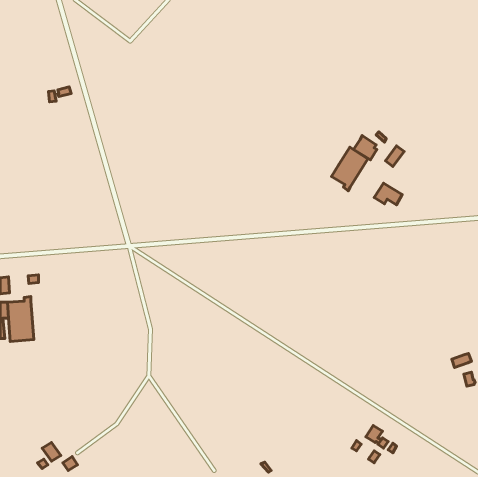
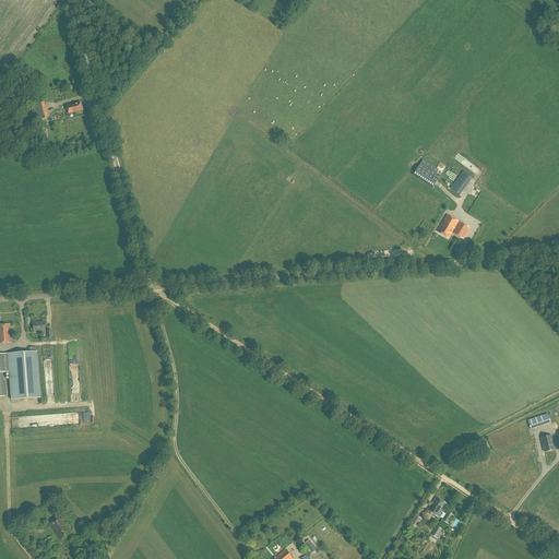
building: [332,147,368,191] -> none

